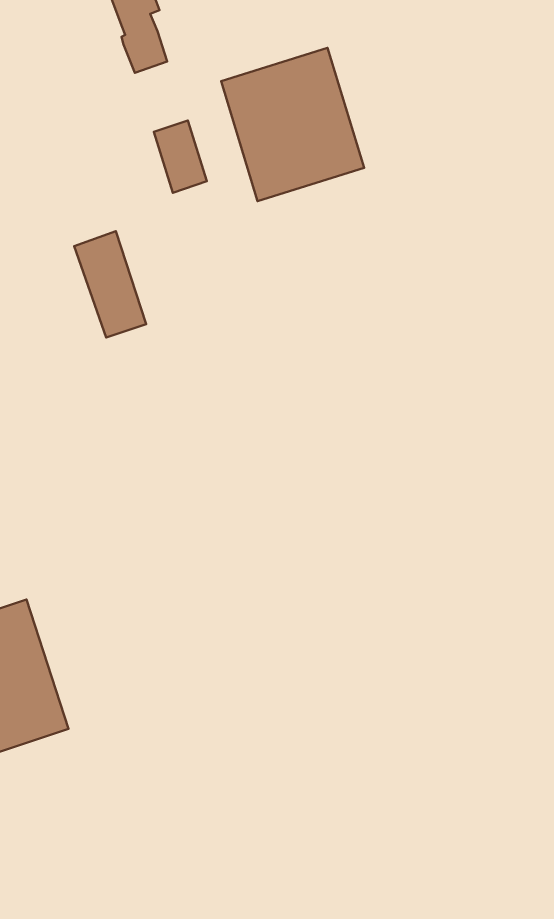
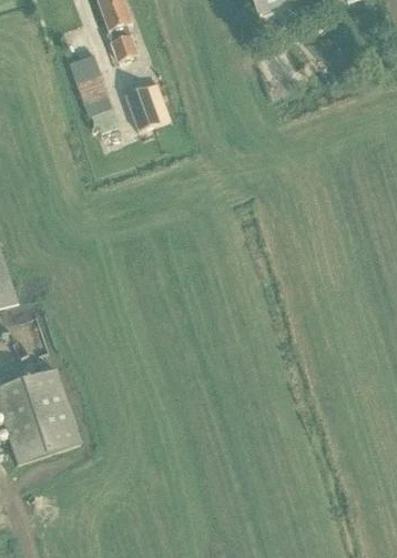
building: [221,48,364,201] -> none
building: [74,231,146,338] -> [71,53,113,115]

